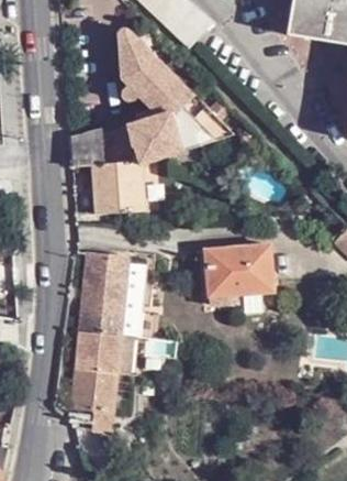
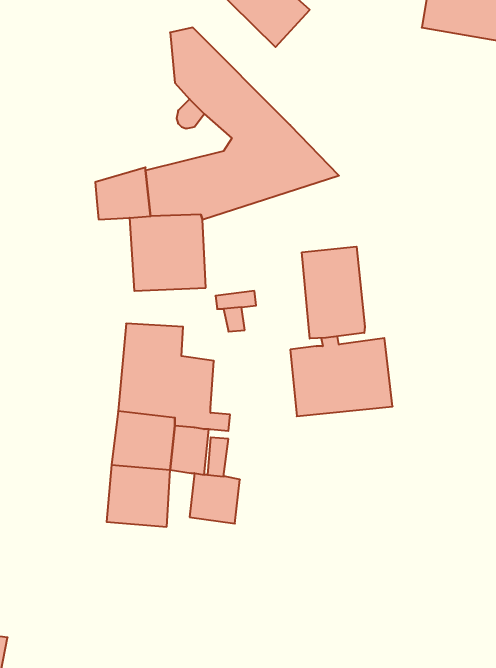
building: none -> [302,247,365,339]
building: [70,368,115,430] -> none

